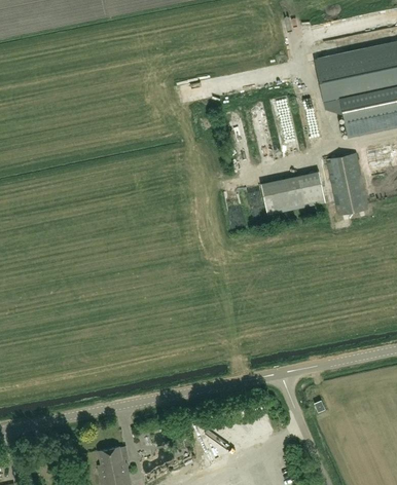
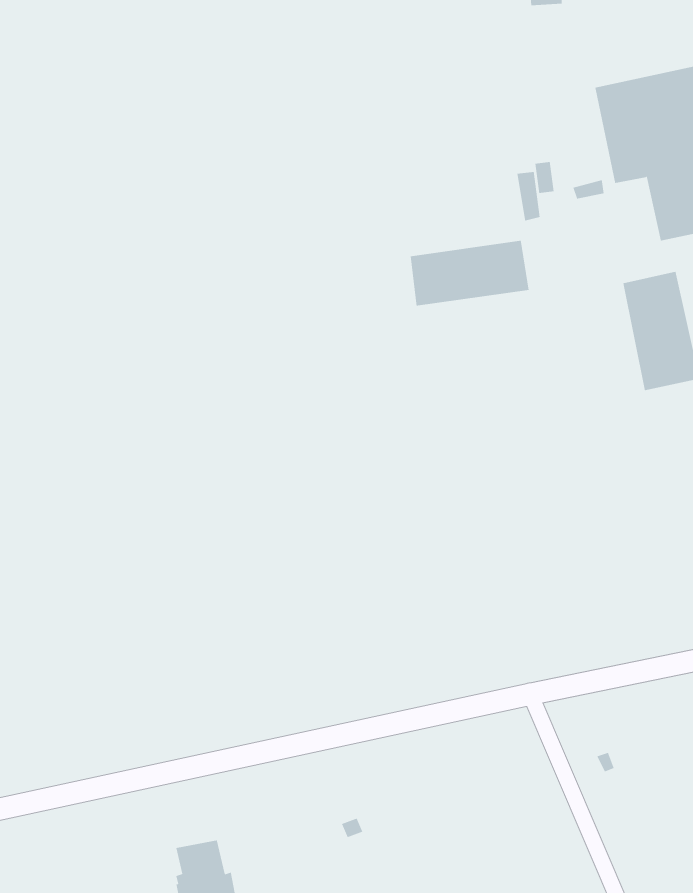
building: [262,171,324,204] -> [410,240,529,306]

